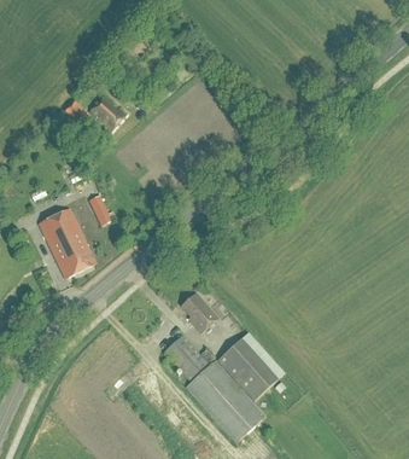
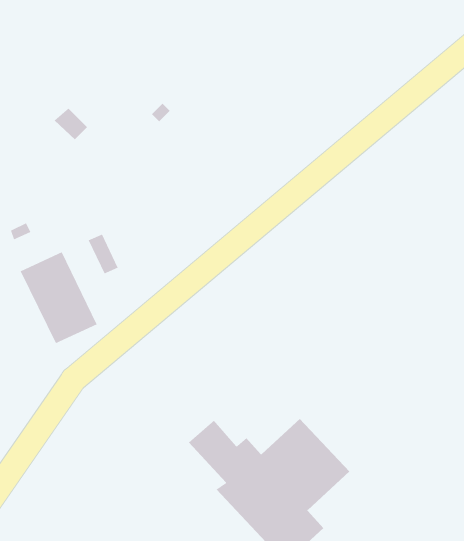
building: [88,94,123,129] -> none
building: [182,291,220,332] -> none

